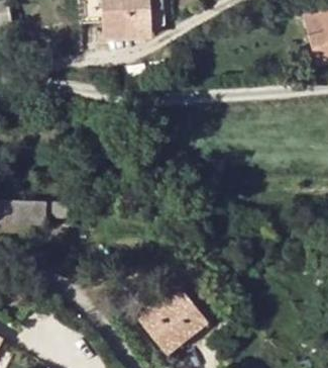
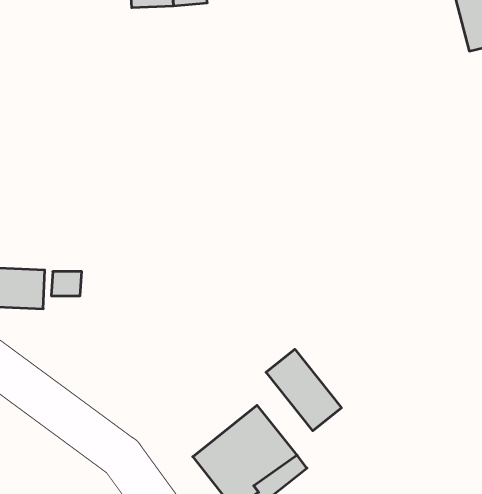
building: none -> [266,349,341,431]

